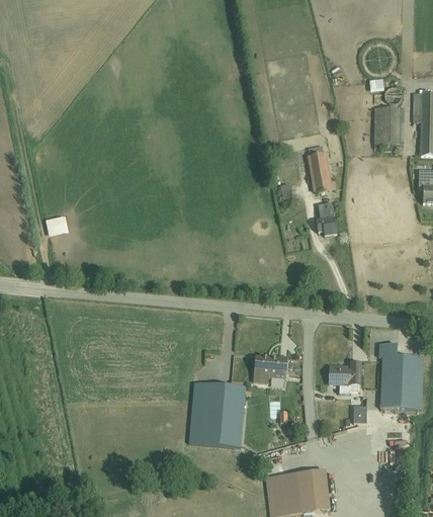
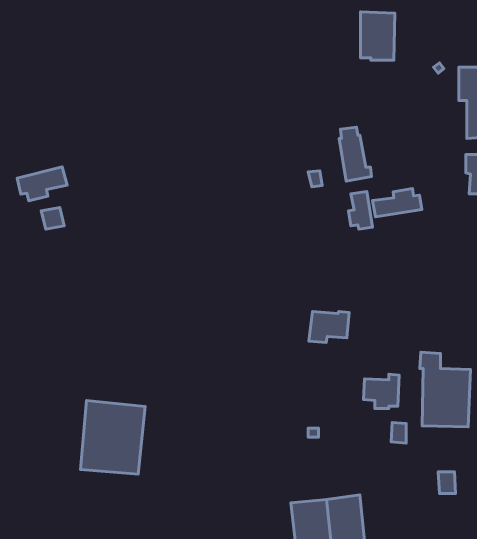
building: [374,106,405,149] -> [360,12,395,60]
building: none -> [17,167,67,201]
building: none -> [372,189,422,217]
building: [253,355,288,382] -> [309,311,349,342]
building: [189,381,246,446] -> [81,401,145,474]

